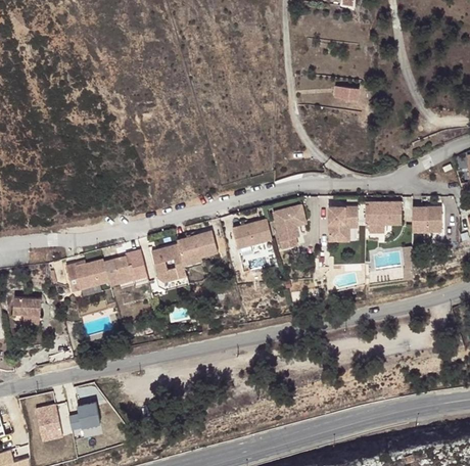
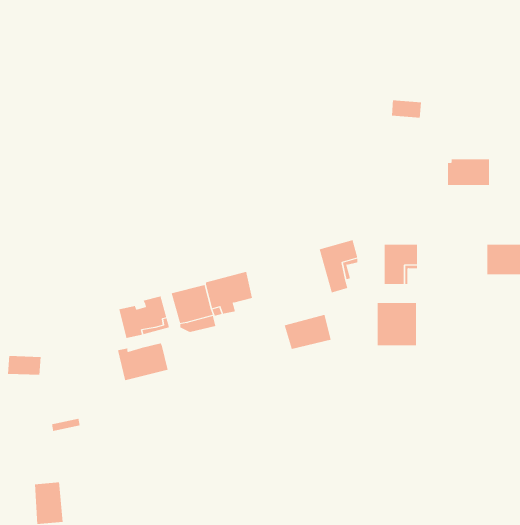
building: [366,202,402,225] -> [447,159,490,186]
building: [232,218,272,247] -> [284,314,331,350]
building: none -> [377,302,417,346]
building: [67,260,110,291] -> [117,343,169,381]
building: [68,405,100,428] -> none

